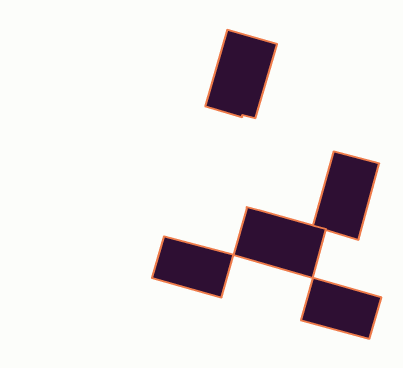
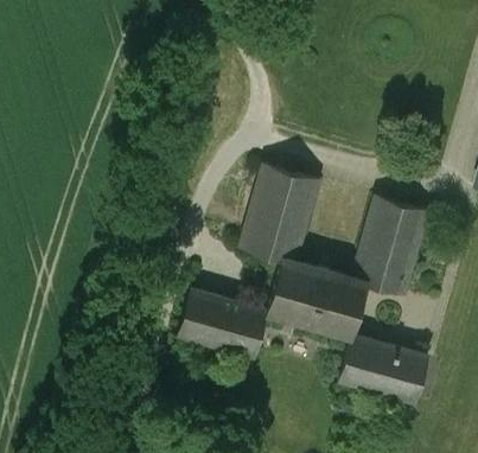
building: [205,30,277,118] -> [241,166,319,262]

